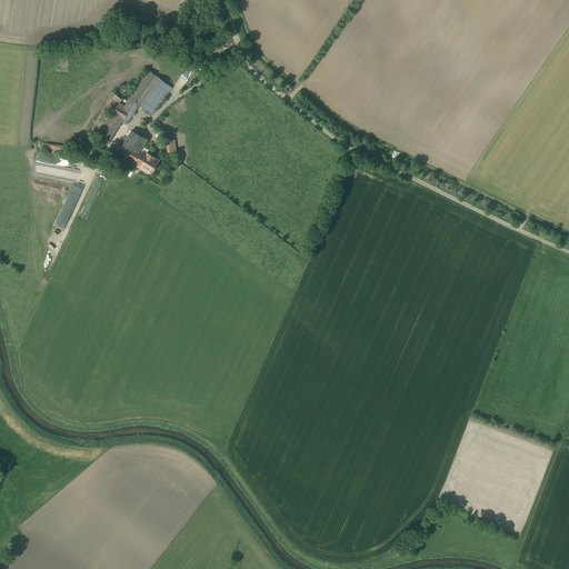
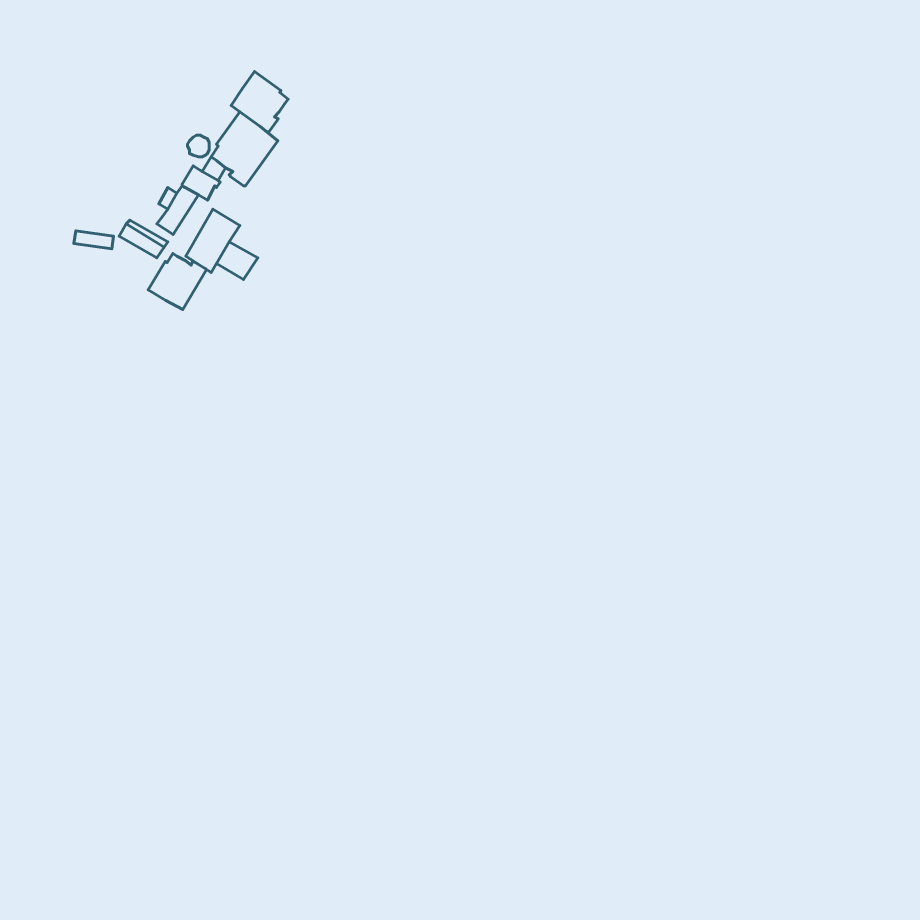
building: none -> [231,72,288,132]
building: none -> [148,253,206,309]

